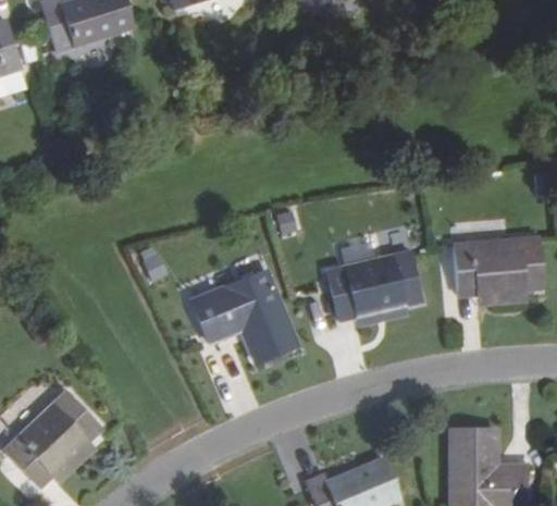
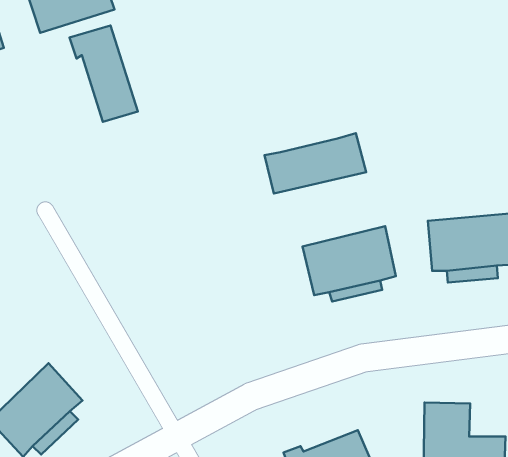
building: none -> [70,25,138,122]
building: none -> [264,133,366,194]
building: [190,271,296,362] -> none

